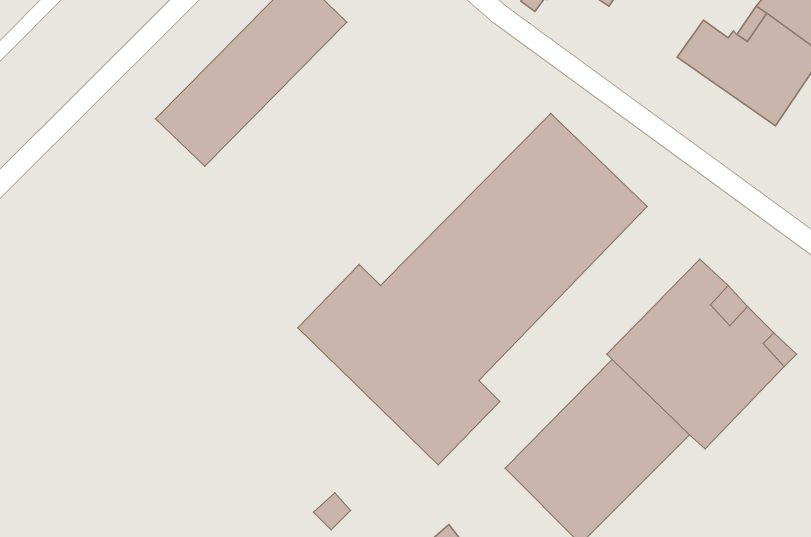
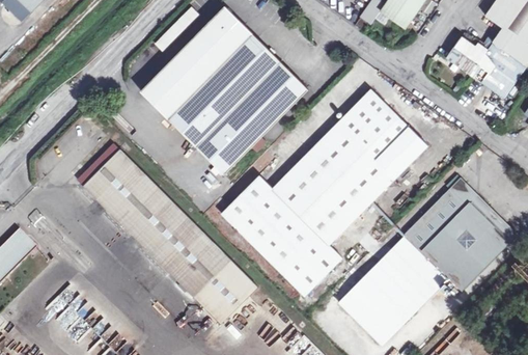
building: none -> [166,35,304,173]
building: none -> [77,141,252,322]

